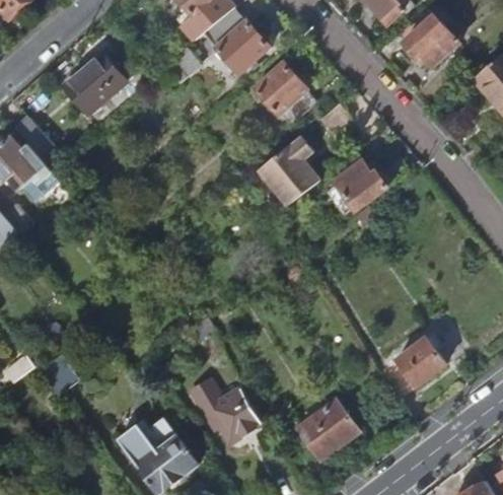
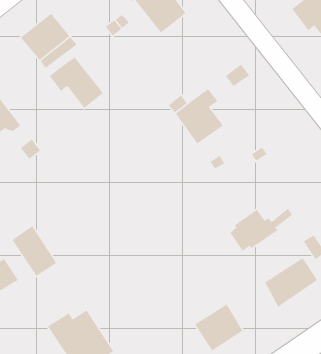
building: [253,63,313,126] -> none
building: none -> [49,57,104,109]
building: [328,157,405,214] -> [229,208,293,252]
building: none -> [11,225,57,277]
building: [189,379,260,439] -> none

